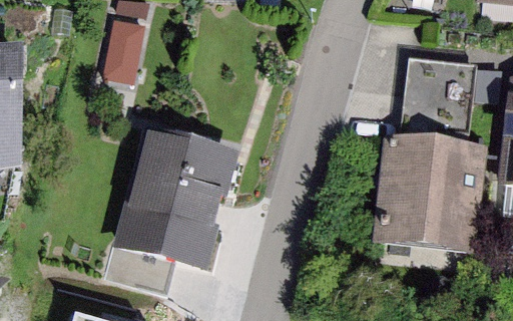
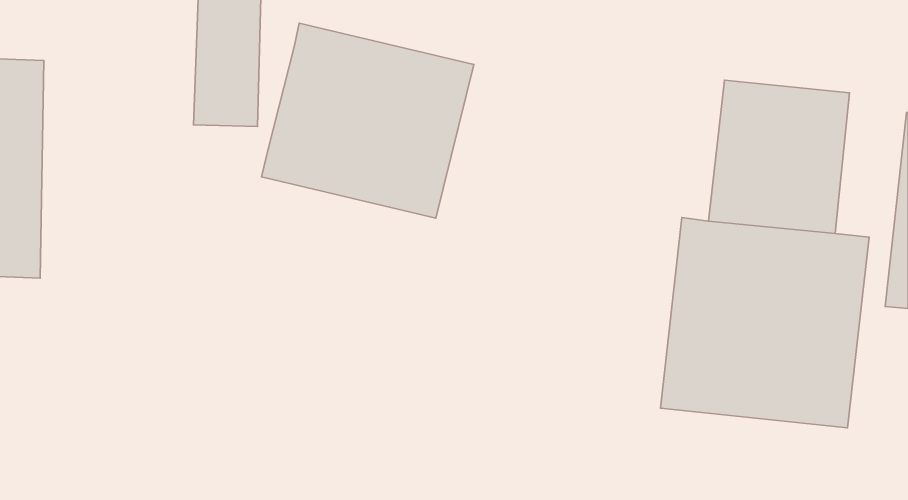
building: none -> [261,23,474,218]
building: [114,130,233,270] -> none

